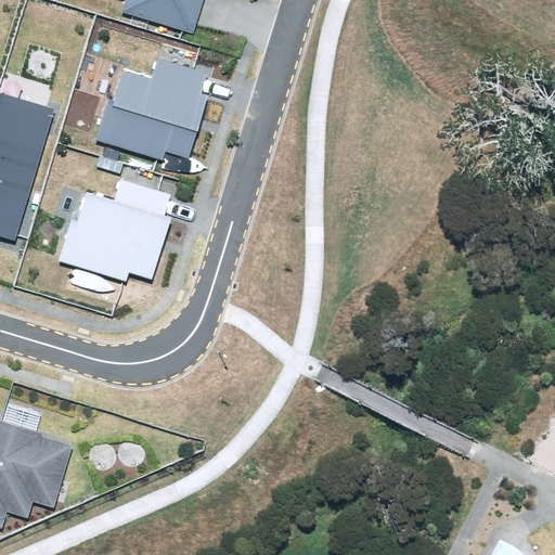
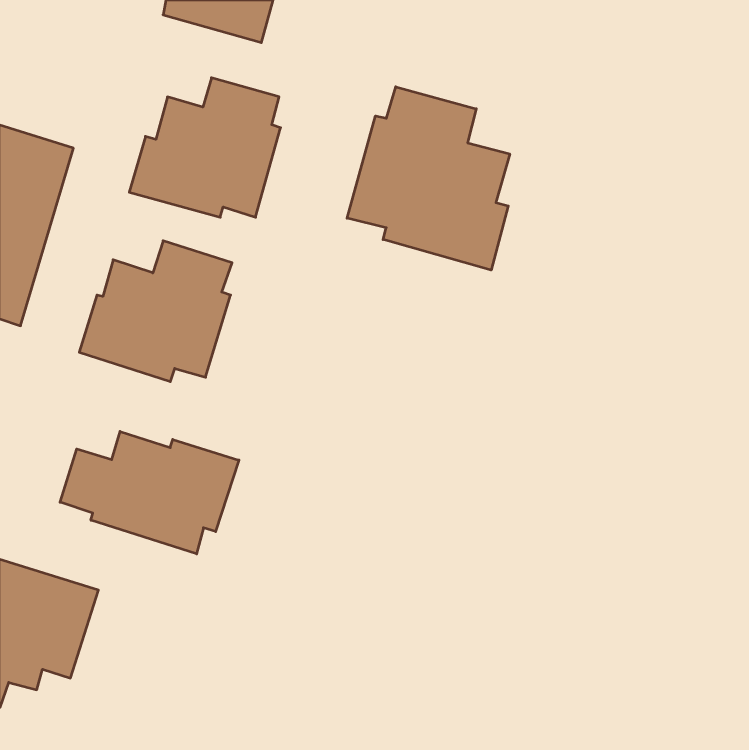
building: none -> [347,87,510,270]
building: none -> [60,431,239,554]

